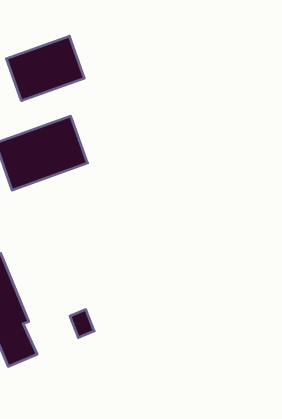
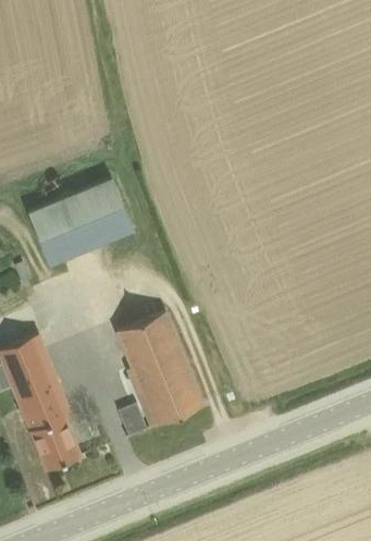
building: [6,36,84,101] -> none
building: none -> [118,315,203,427]

